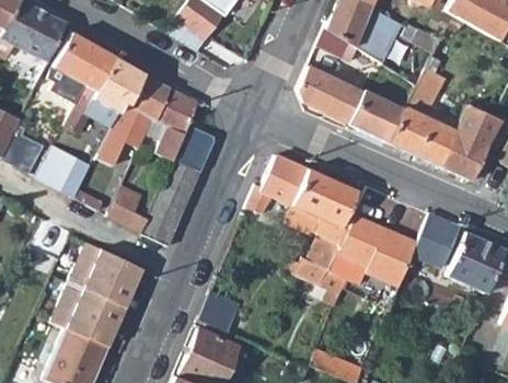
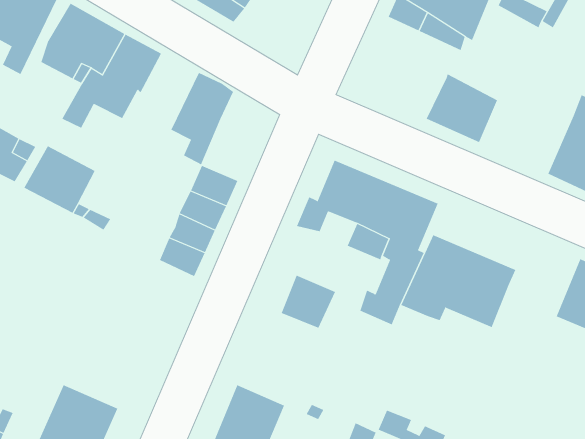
building: [389,57,461,166] -> none
building: [297,66,362,124] -> none
building: [94,73,171,162] -> none
building: [173,124,215,172] -> none
building: [108,190,152,233] -> none
building: [412,211,462,267] -> none
building: [51,241,145,348] -> none
building: [198,290,241,332] -> [281,275,336,329]

